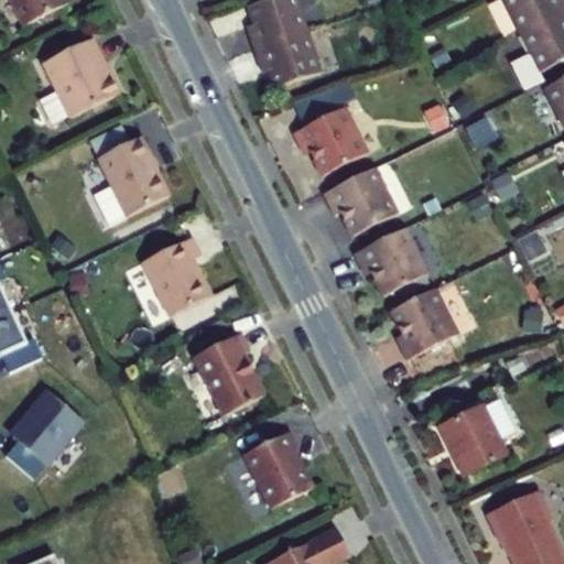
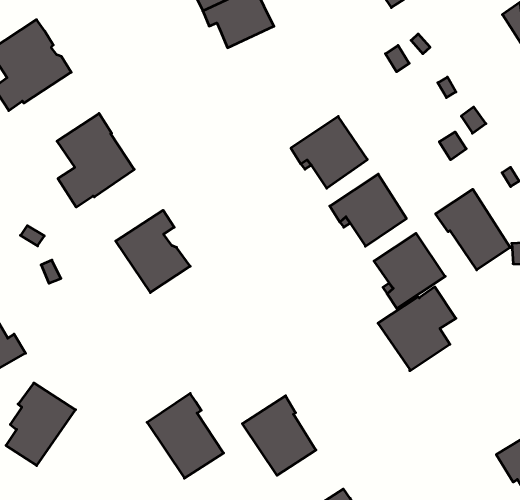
building: [292,107,366,174] -> none
building: none -> [436,189,510,270]
building: [194,333,264,414] -> [147,393,224,478]
building: [438,397,514,475] -> [378,287,456,371]

